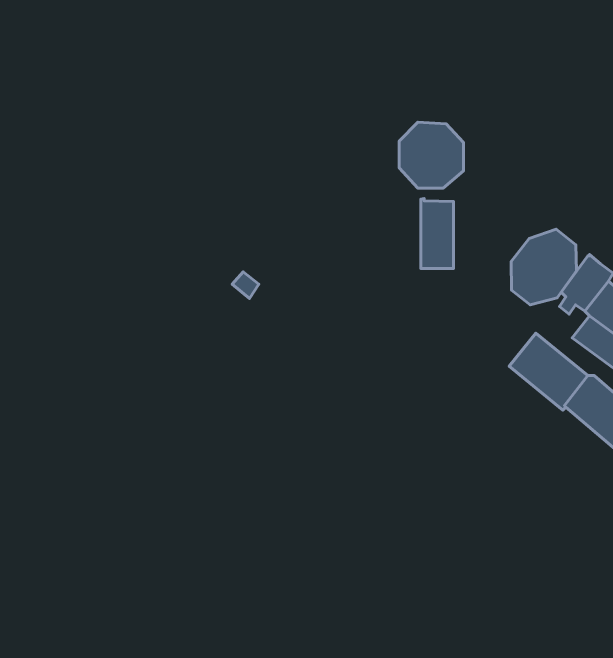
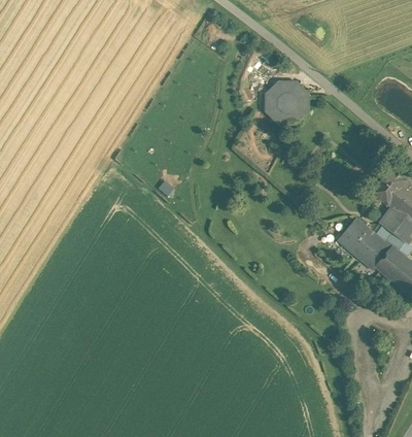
building: [421,199,453,269] -> none
building: [511,229,577,305] -> none

